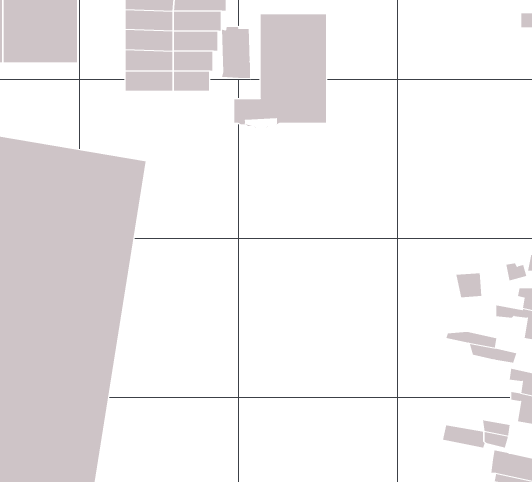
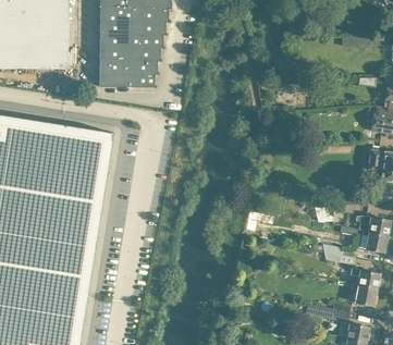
building: [234,14,326,128] -> none
building: [222,26,251,79] -> none

